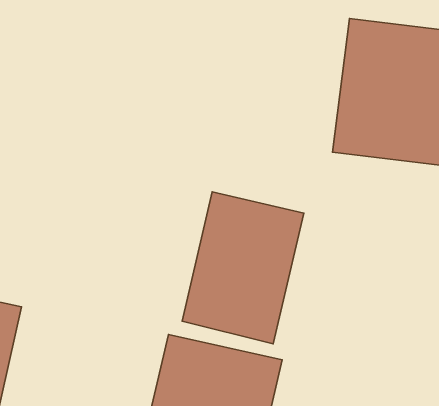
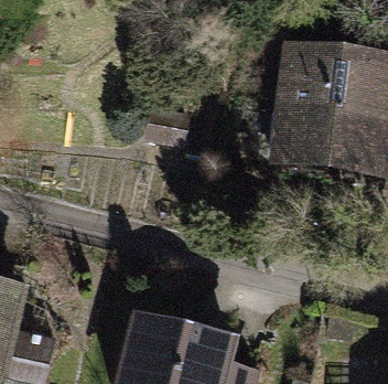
building: [182,192,304,344] -> none

